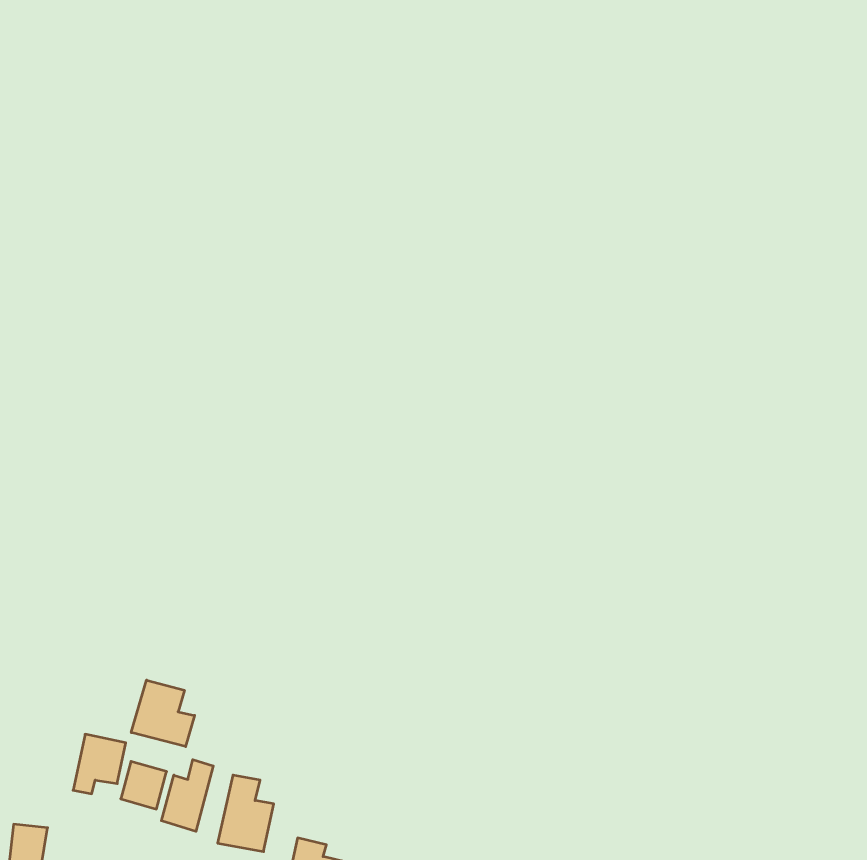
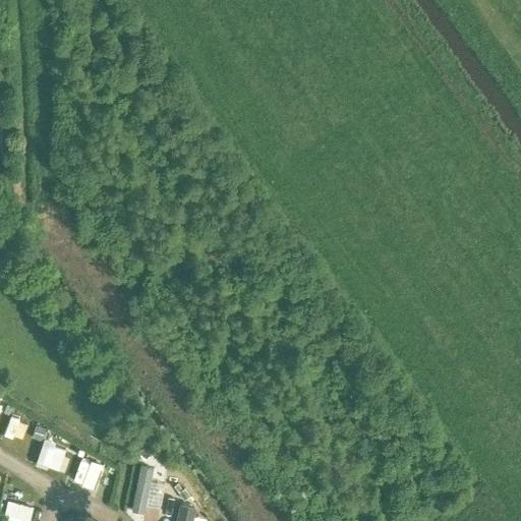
building: [131,680,195,747] -> none
building: [161,760,213,831] -> none

